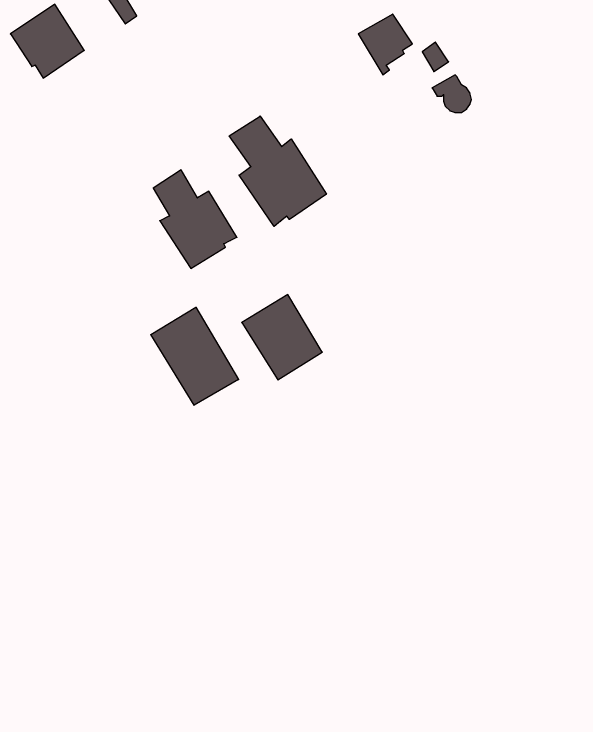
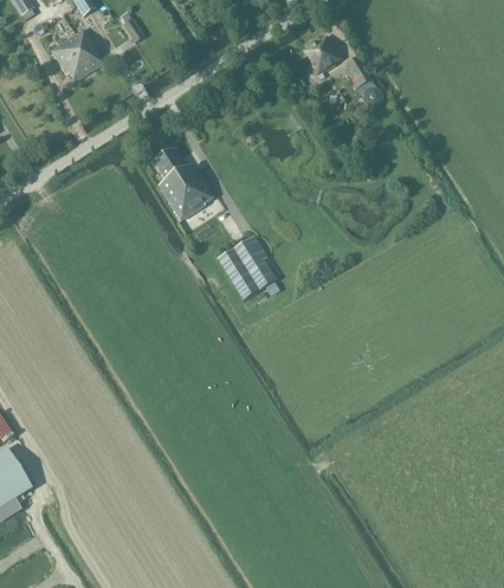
building: [229,116,326,226] -> none
building: [151,307,239,405] -> none

